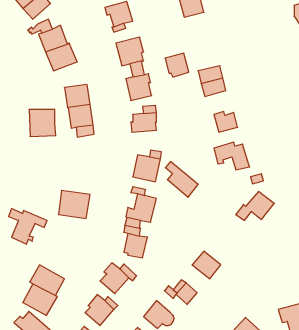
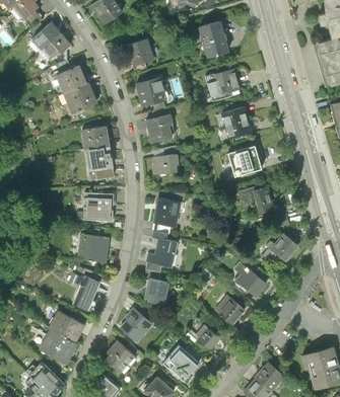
building: [165,53,189,77] -> [212,69,236,93]
building: [29,110,56,136] -> [92,191,120,219]
building: [165,162,198,197] -> [232,262,266,299]
building: [9,209,47,244] -> [69,273,109,310]

